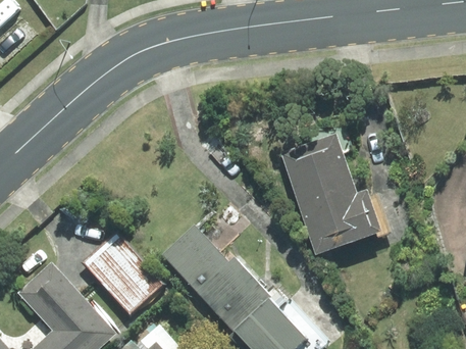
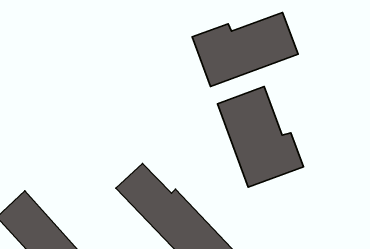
building: none -> [192,12,298,86]
building: [85,232,163,312] -> none

